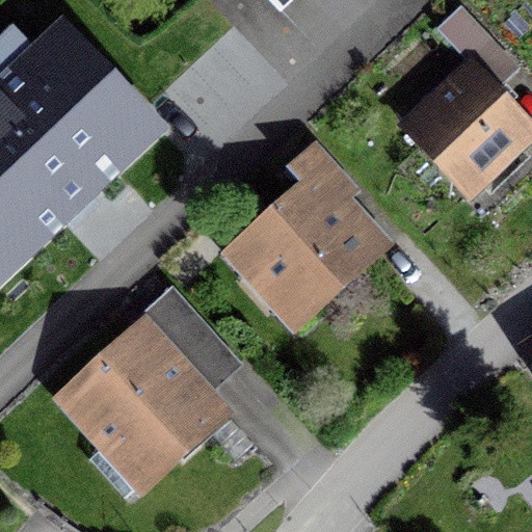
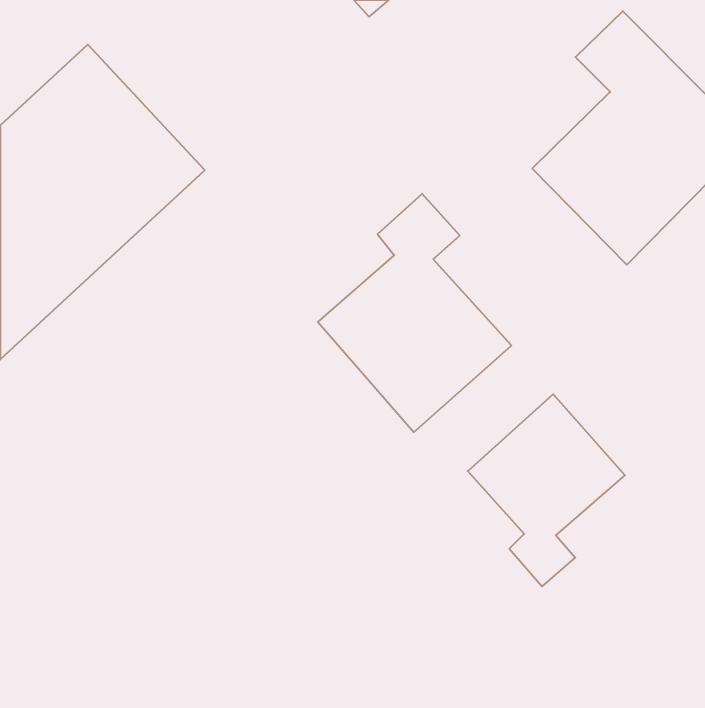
building: [46,287,257,496] -> none
building: none -> [468,394,625,586]

